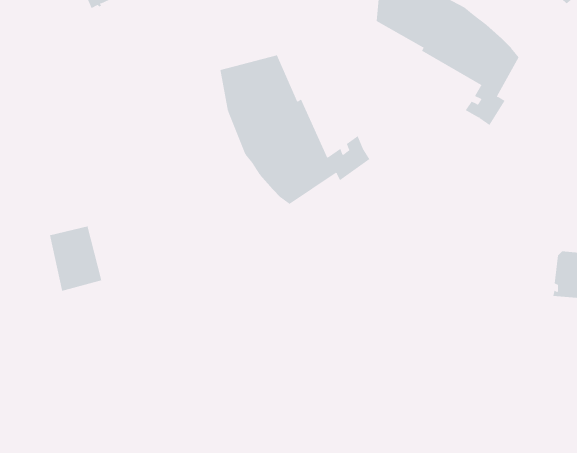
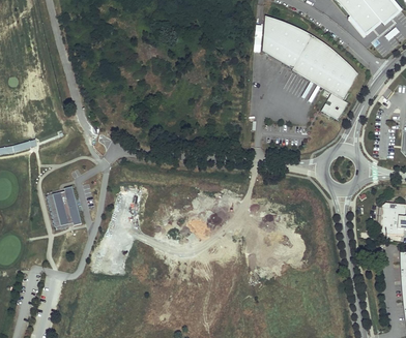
building: [220,54,370,205] -> none

